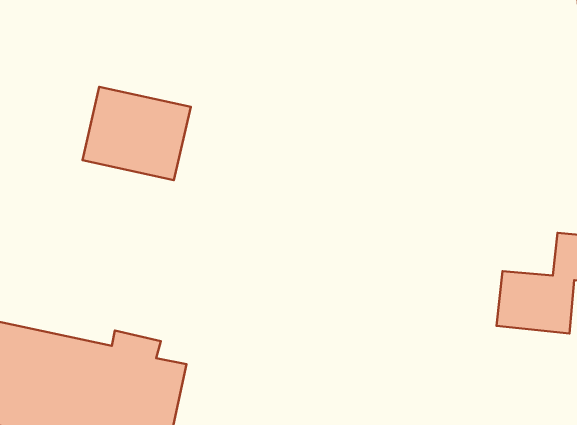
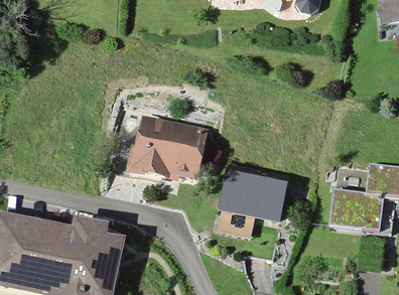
building: [82,87,191,180] -> [135,121,207,182]
building: none -> [225,171,286,222]

